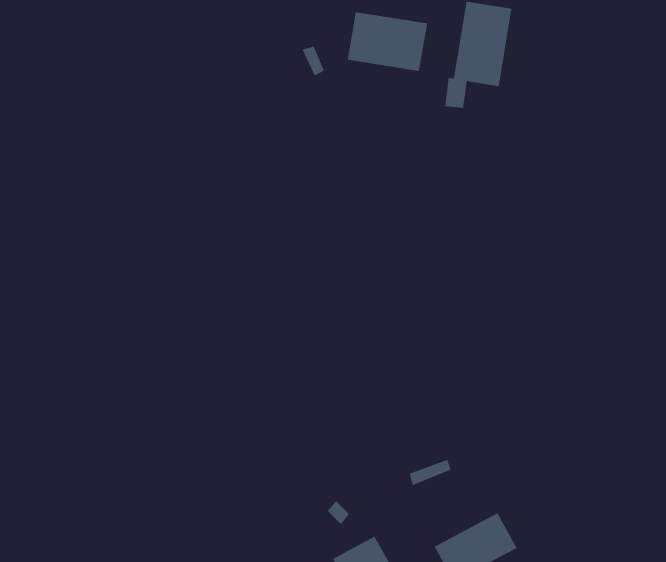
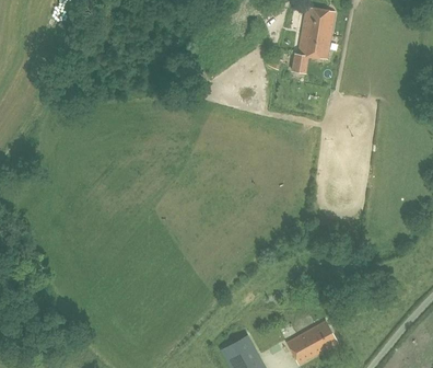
building: [347,11,428,72] -> none

